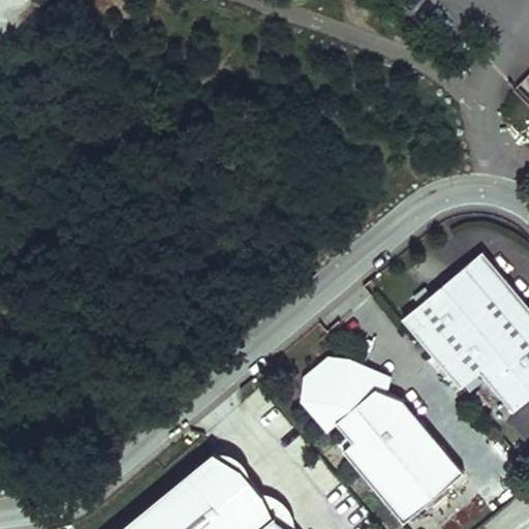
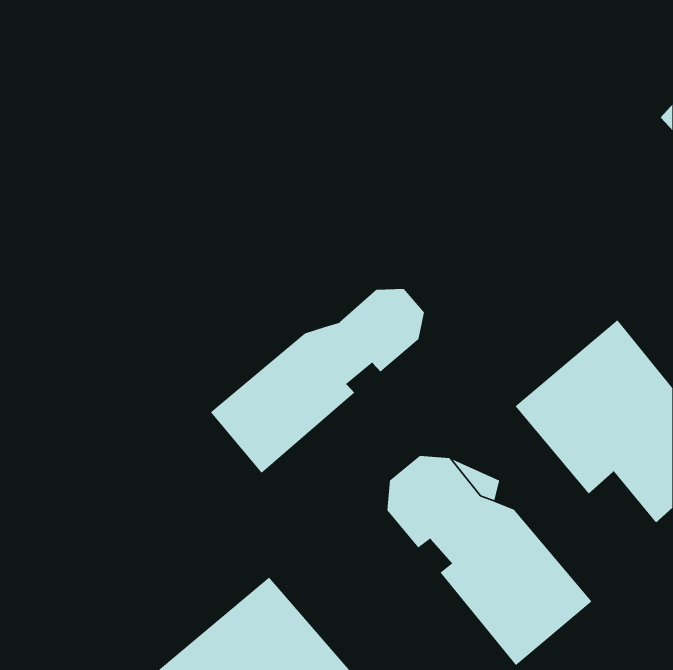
building: none -> [210,288,425,474]

